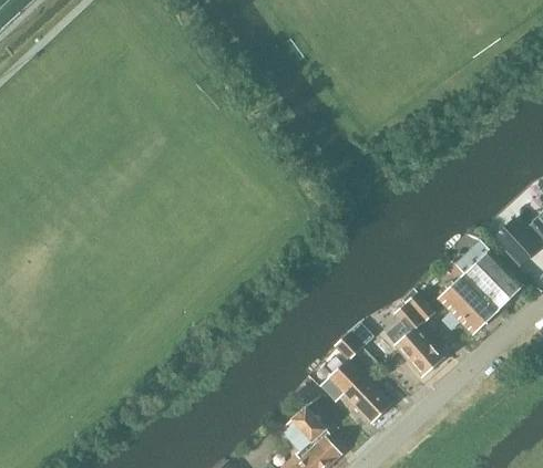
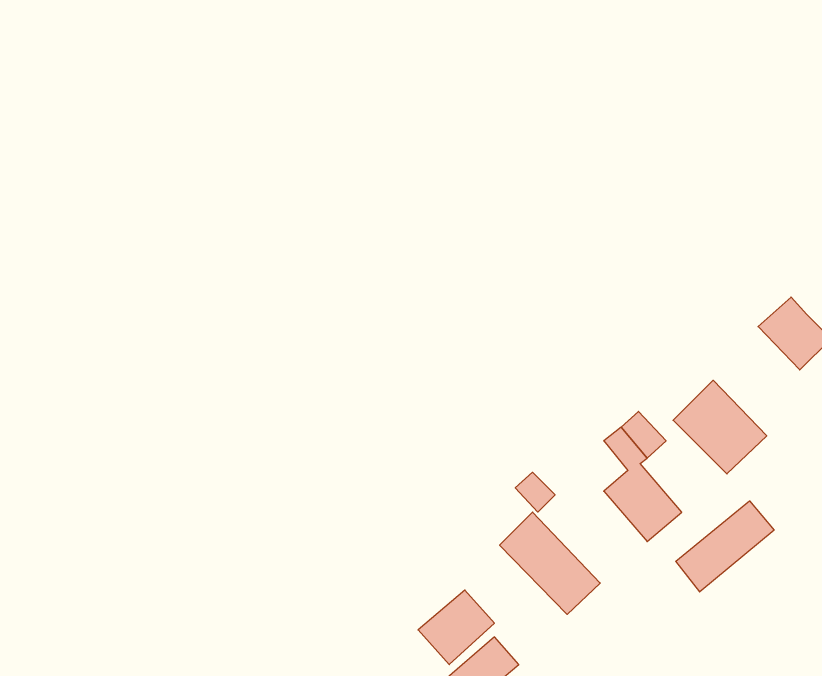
building: [465,249,525,308] -> none
building: none -> [676,501,774,592]

